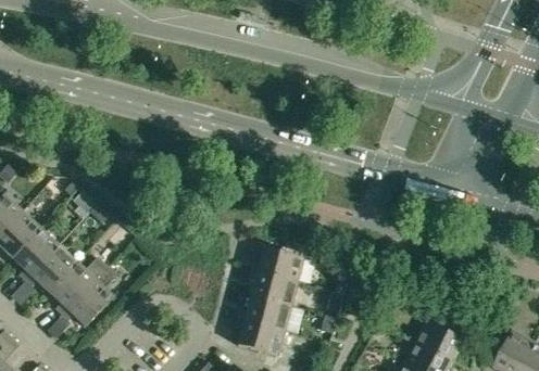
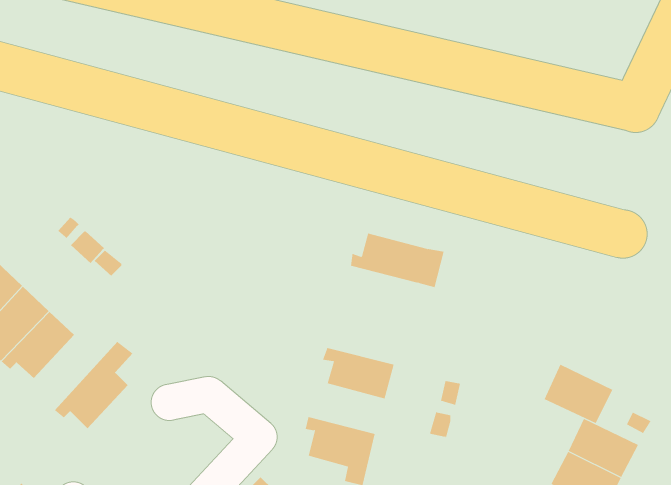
building: [250,246,315,284] -> [350,233,445,288]
building: [48,255,105,312] -> none
building: none -> [544,364,613,424]
building: [237,294,290,329] -> none

